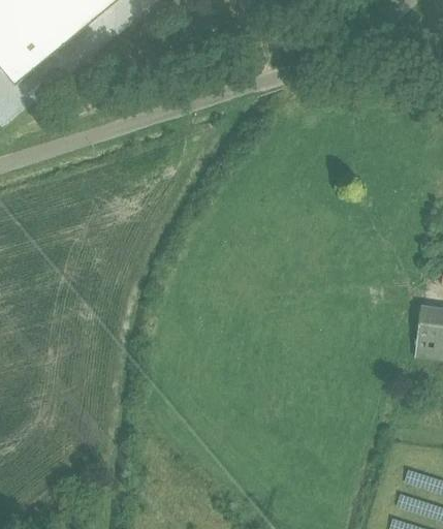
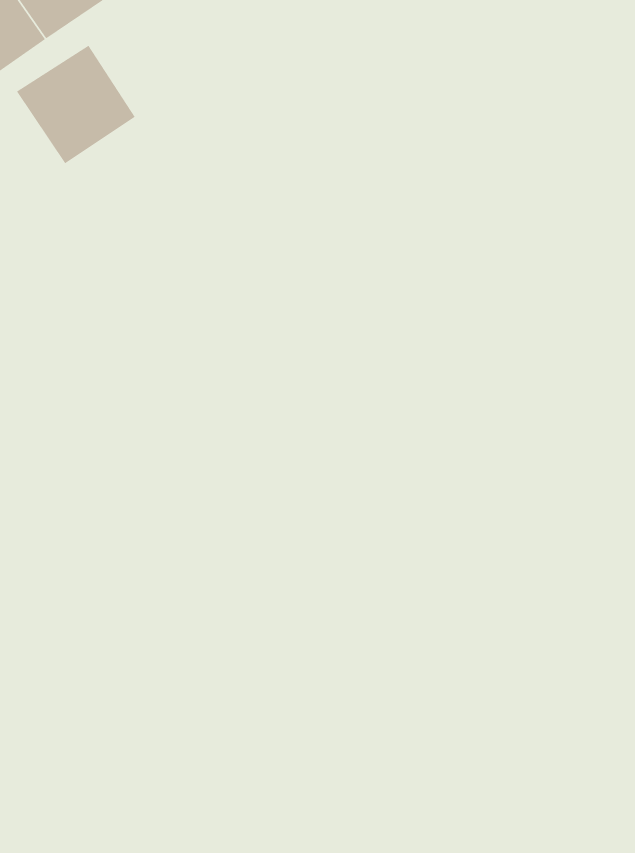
building: none -> [16,45,135,164]

